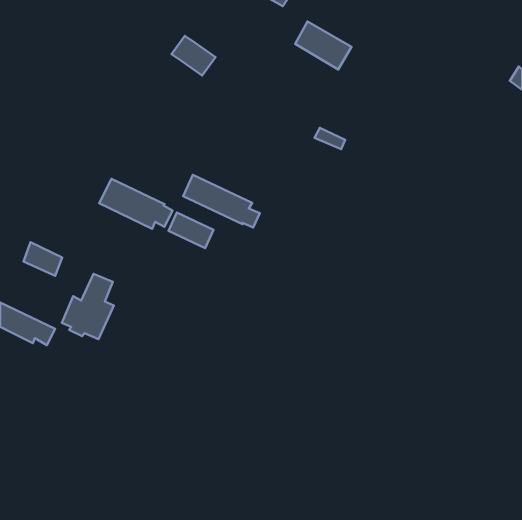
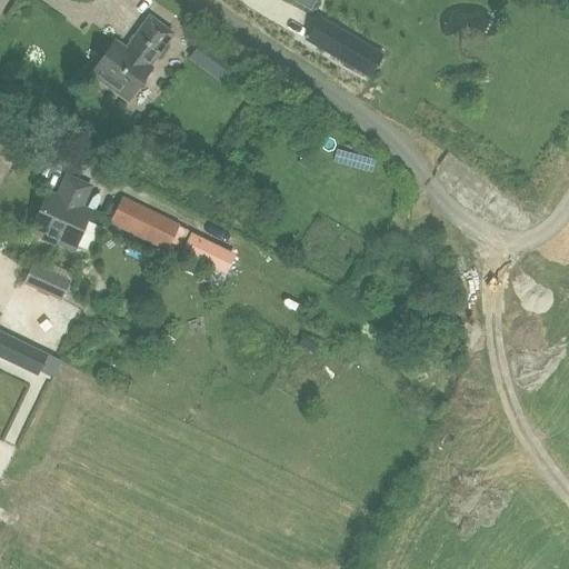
building: none -> [94,18,171,99]
building: [183,175,260,227] -> none
building: [62,274,114,339] -> [32,177,89,248]

